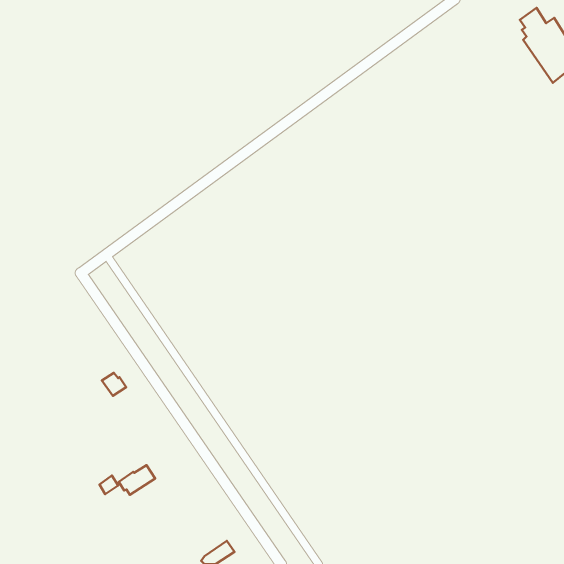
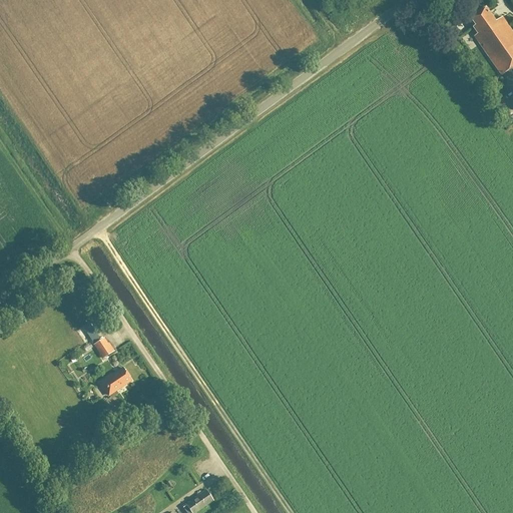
building: [119,465,155,495] -> [98,368,131,395]

